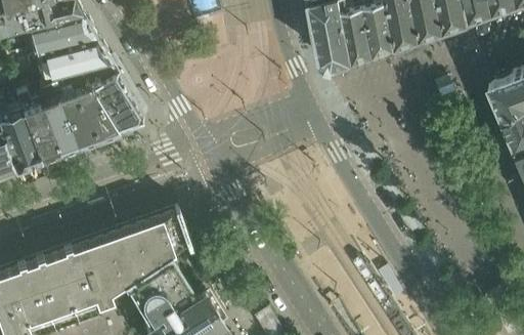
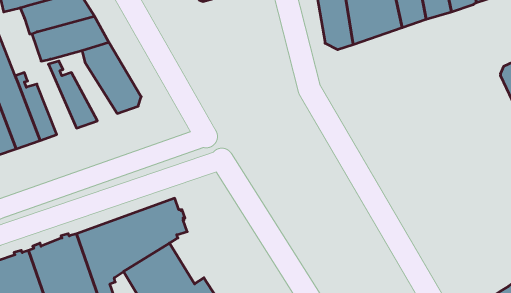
building: [73,76,118,141] -> none
building: [39,86,78,155] -> none

